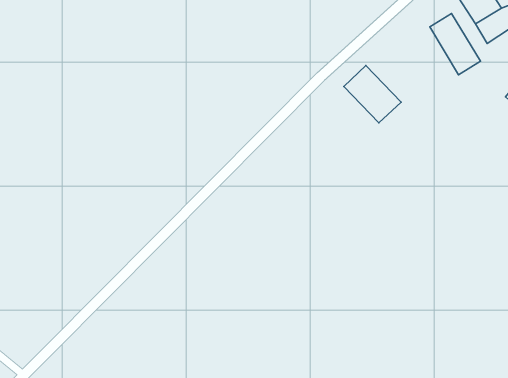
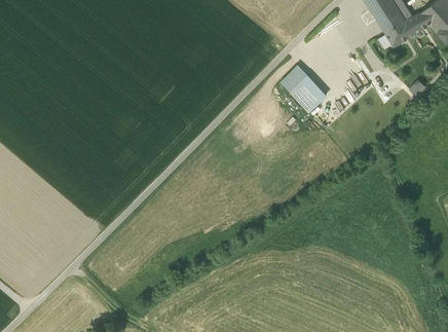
building: [430,13,480,75] -> none

